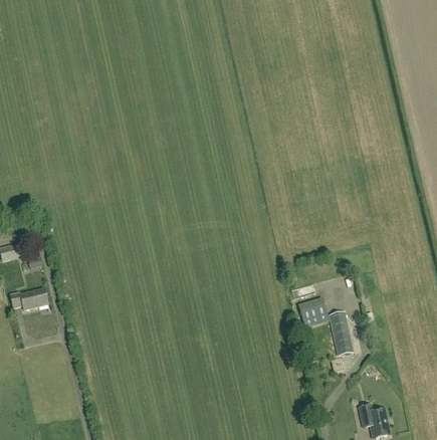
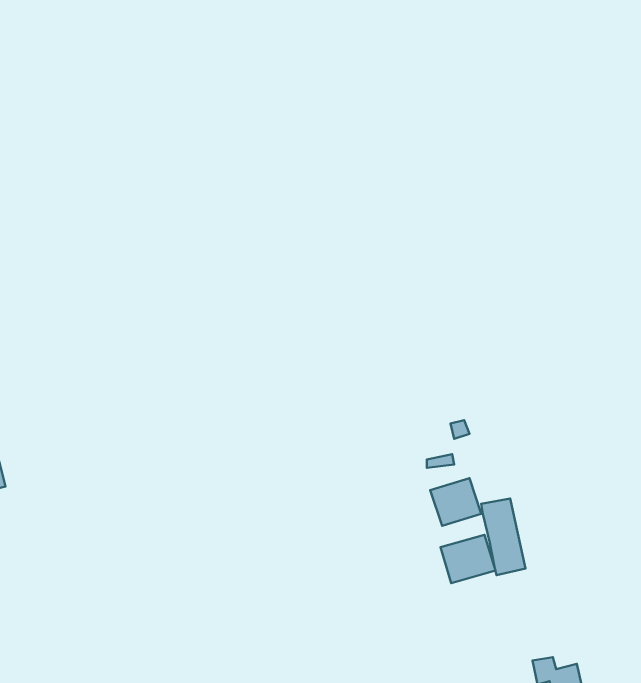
building: none -> [440,535,495,583]

